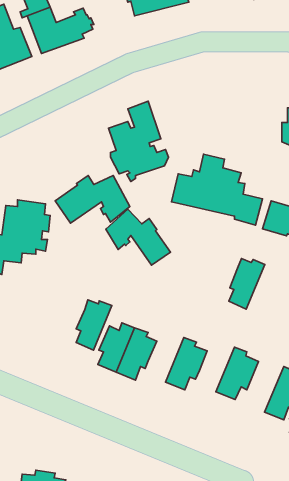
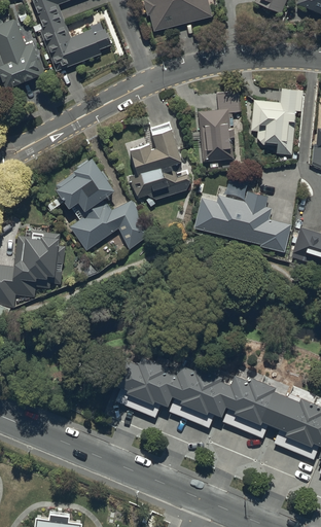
building: none -> [250,89,301,153]
building: none -> [197,91,241,162]
building: none -> [56,157,114,211]
building: [106,209,170,265] -> none
building: [229,259,265,309] -> [222,376,260,429]
building: [76,300,112,350] -> [169,365,207,419]
building: none -> [274,393,313,451]

